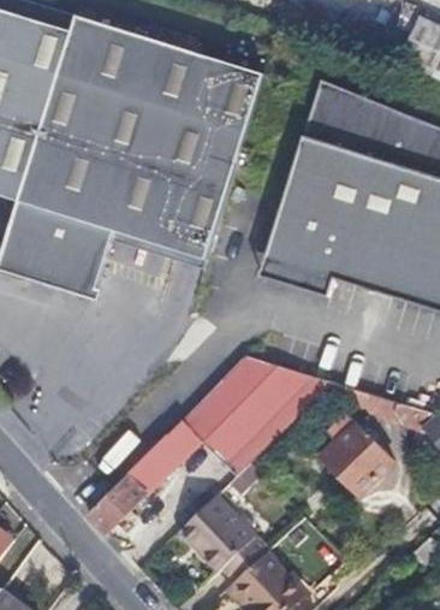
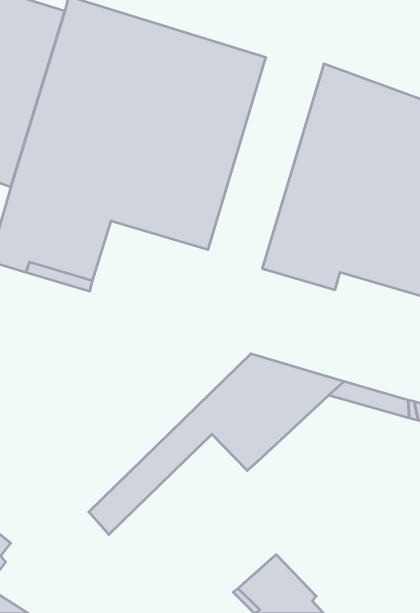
building: [320,414,392,494] -> none
building: [178,493,269,580] -> none

